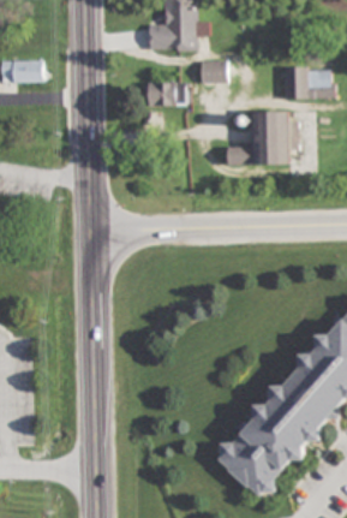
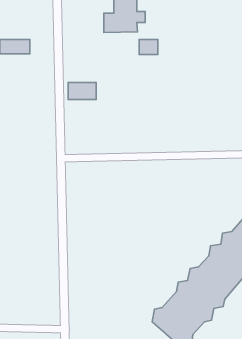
building: [283,66,334,97] -> none
building: [144,82,184,106] -> [68,82,96,99]
building: [226,111,295,165] -> none

